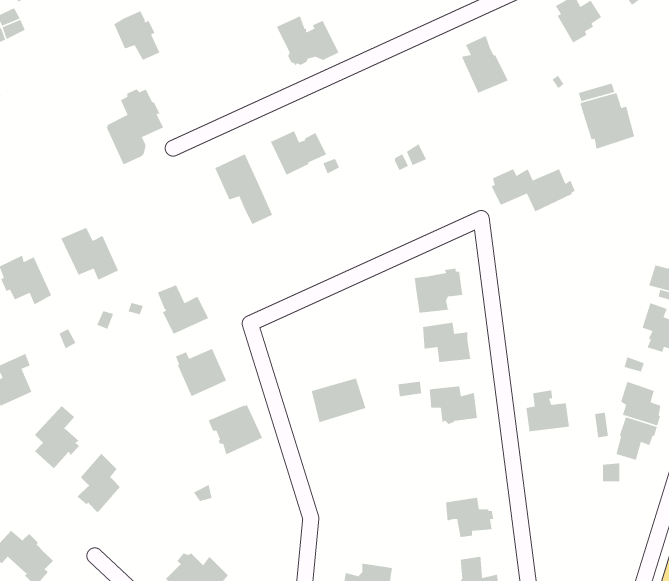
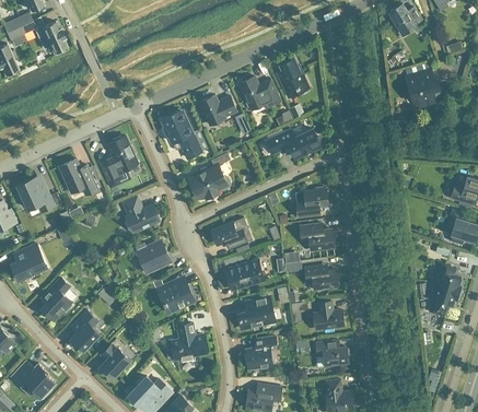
building: [113,10,160,61] -> [36,22,68,56]
building: [276,15,340,66] -> [238,76,281,110]
building: [461,35,509,94] -> [278,59,310,98]
building: [105,88,164,165] -> [98,137,138,188]
building: [491,168,576,212] -> [266,129,323,158]
building: none -> [188,153,231,199]
building: none -> [212,219,247,249]
building: [525,389,570,432] -> [314,302,343,330]
building: none -> [238,297,272,329]
building: none -> [172,323,205,361]
building: none -> [244,337,277,369]
building: none -> [100,340,131,379]

